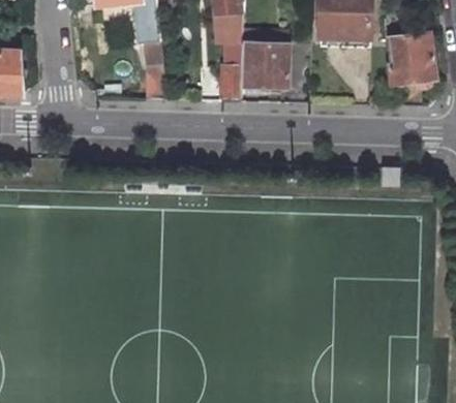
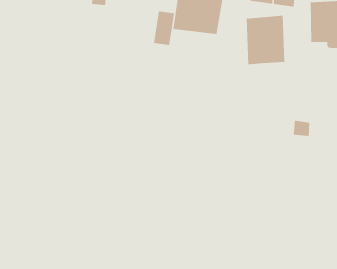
building: none -> [246,15,285,65]

